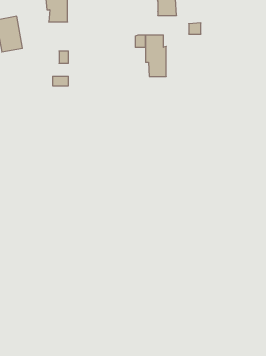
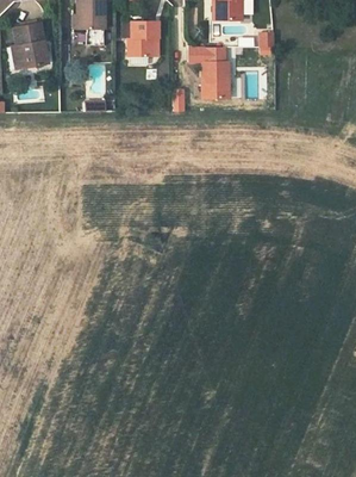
building: none -> [127,20,157,66]

